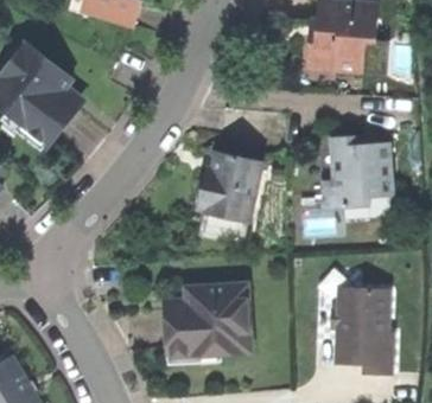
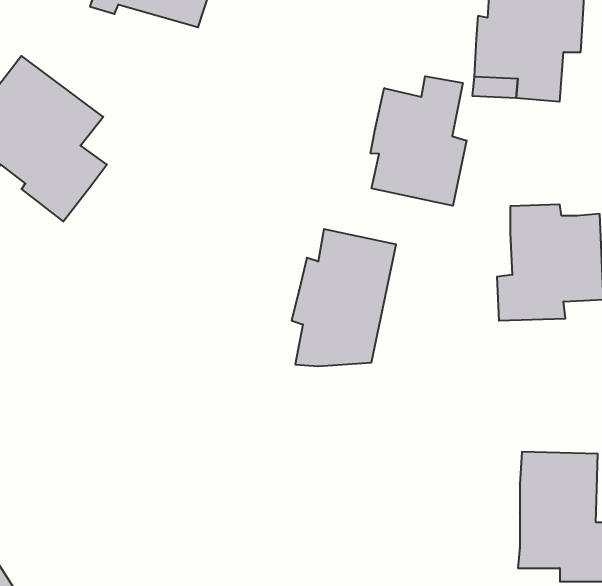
building: none -> [371,76,467,206]
building: [160,283,248,357] -> none

